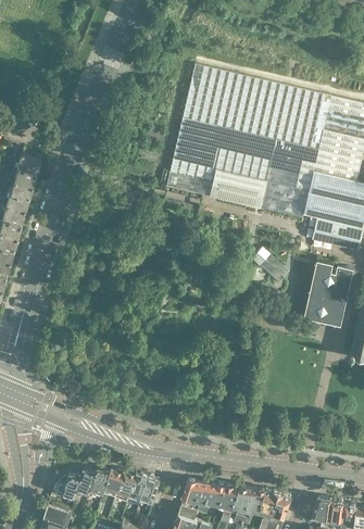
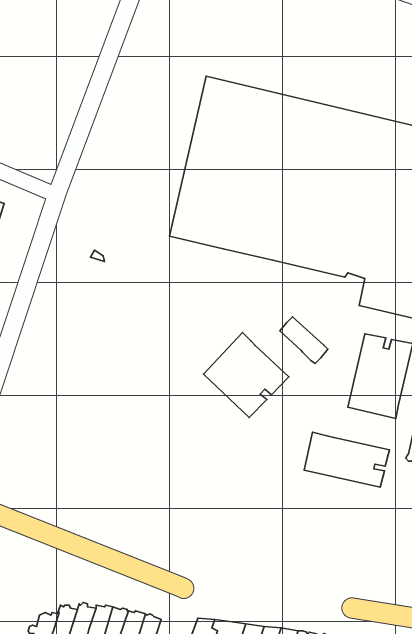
building: none -> [203,333,289,417]
building: none -> [304,432,390,487]

